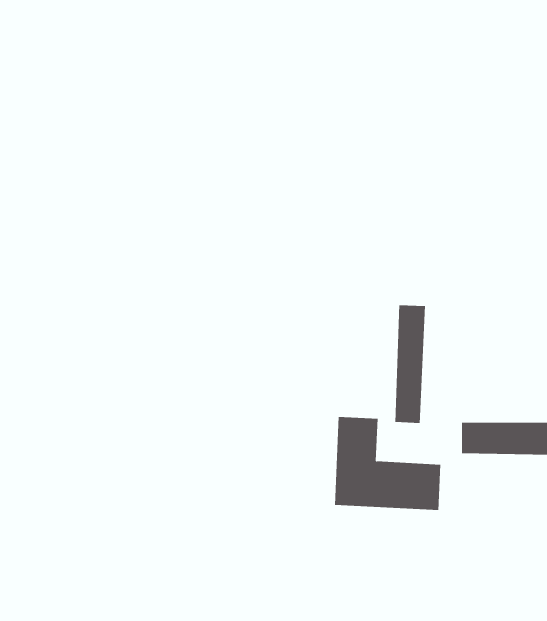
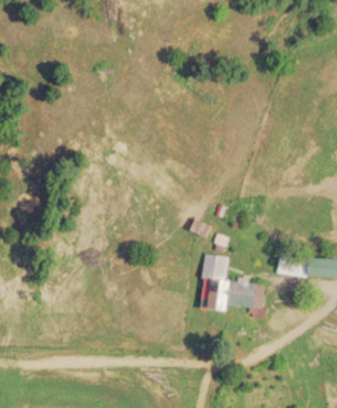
building: [395,304,425,424] -> none

